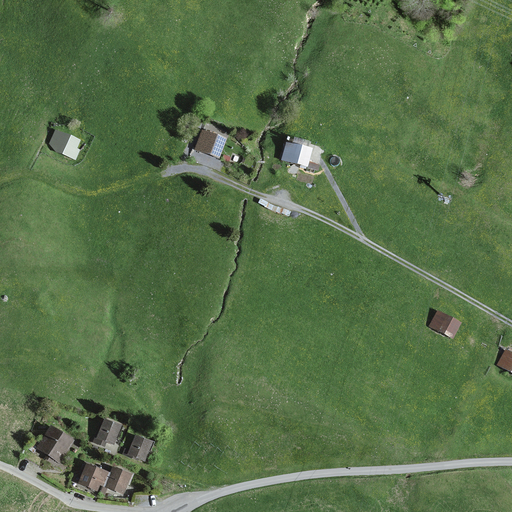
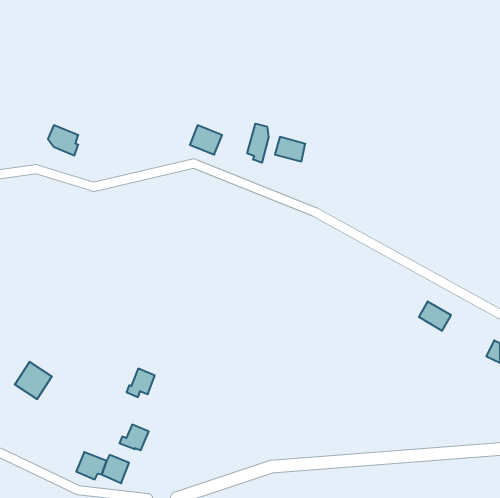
building: none -> [247,124,268,163]
building: [92,417,121,446] -> [126,369,155,397]
building: [36,424,74,462] -> [15,362,52,399]

